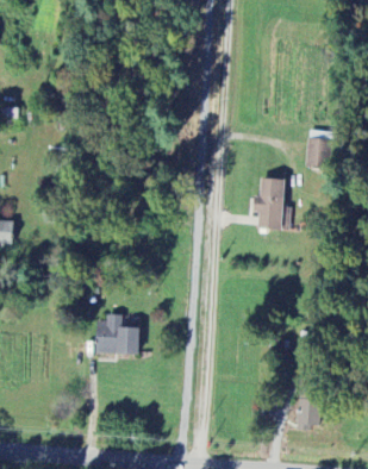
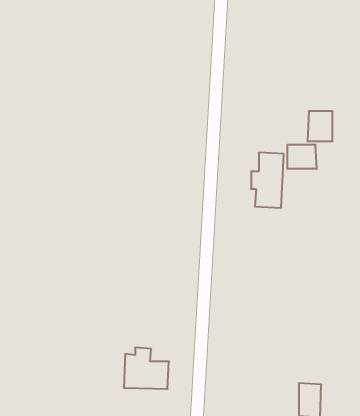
building: none -> [288,145,317,169]
building: [95,314,138,354] -> [124,348,169,389]

